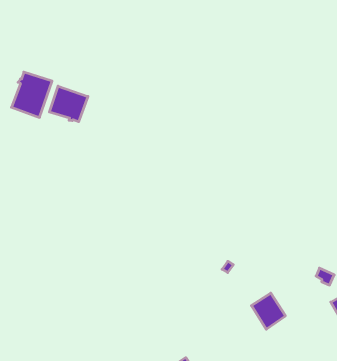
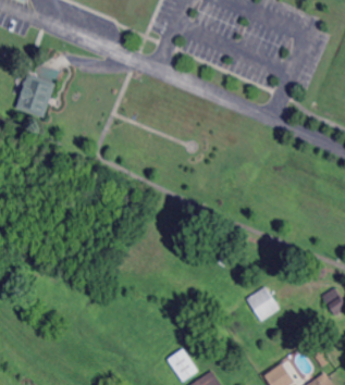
building: [49,86,88,122] -> none

